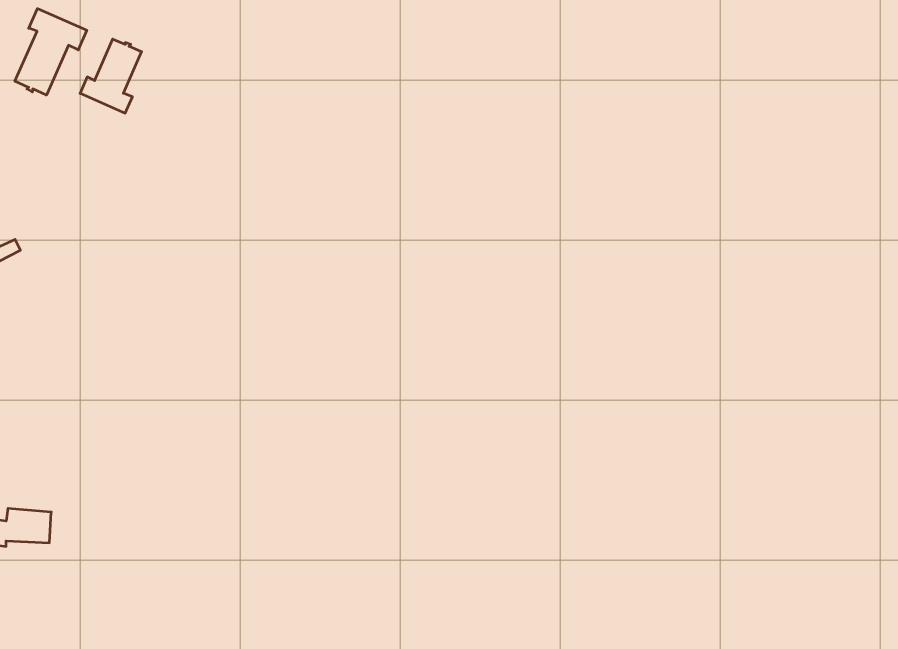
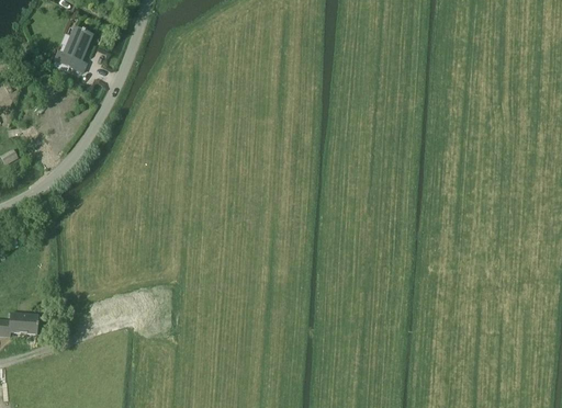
building: [15,9,87,95] -> none

